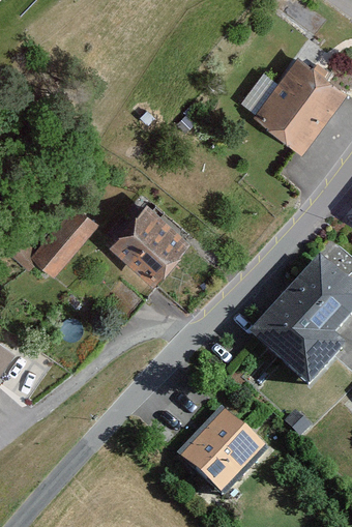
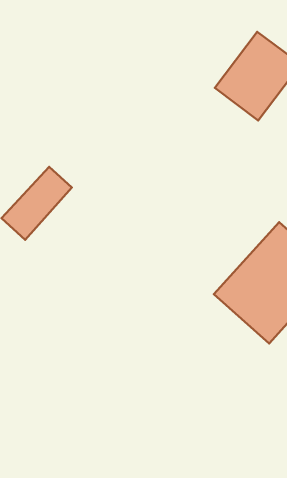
building: [101,200,183,281] -> none
building: [180,413,261,494] -> none

